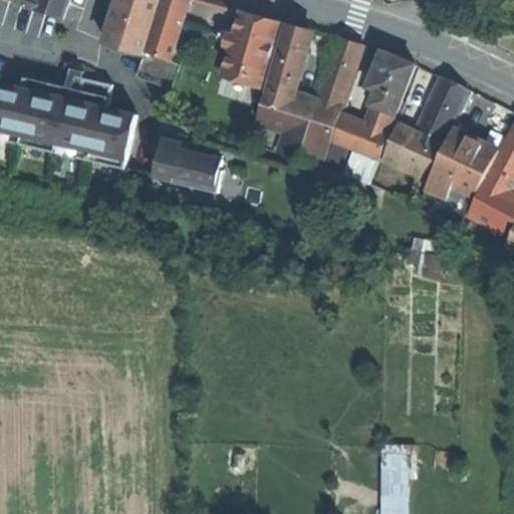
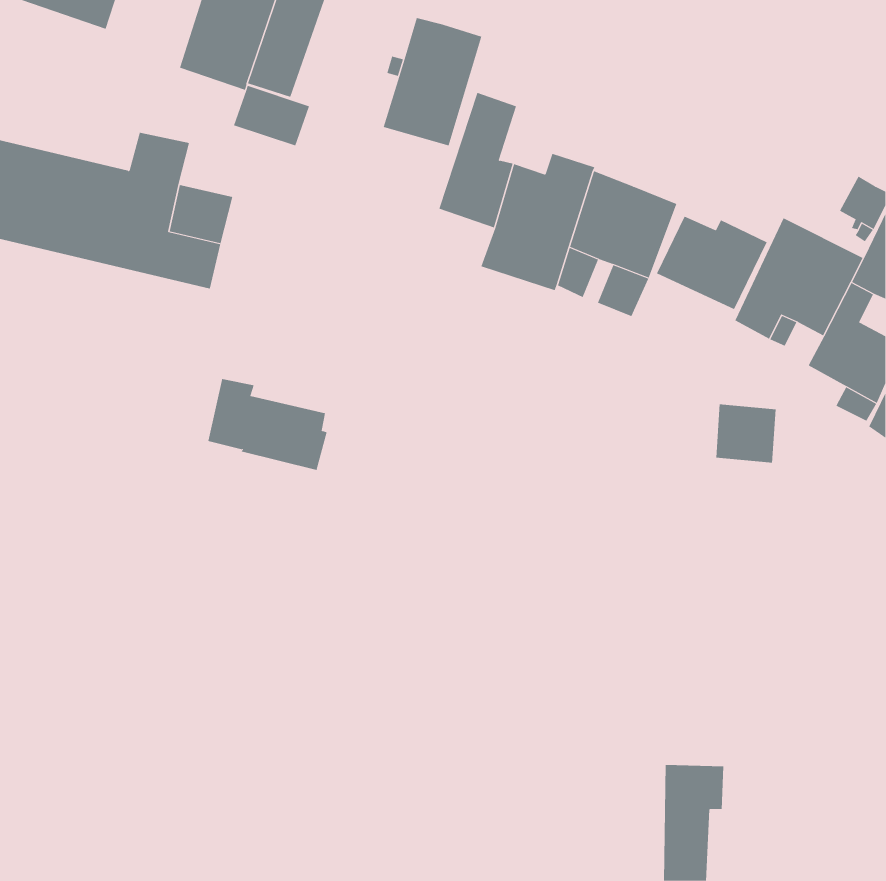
building: [275,22,308,61] -> none
building: [318,35,360,96] -> none
building: [365,49,414,117] -> none
building: [416,76,466,140] -> none
building: [152,138,221,191] -> [208,378,328,471]

